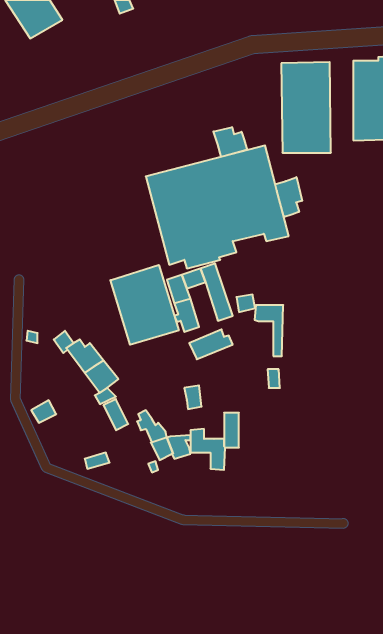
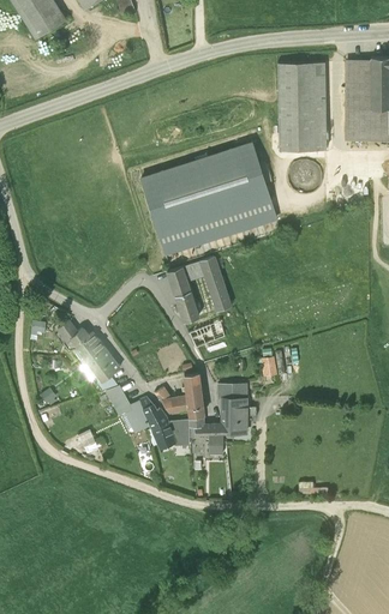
building: [213,127,247,157] -> none
building: [275,177,302,217] -> none
building: [110,265,179,345] -> none
building: [255,305,283,356] -> [219,384,246,433]
building: none -> [155,387,203,416]

